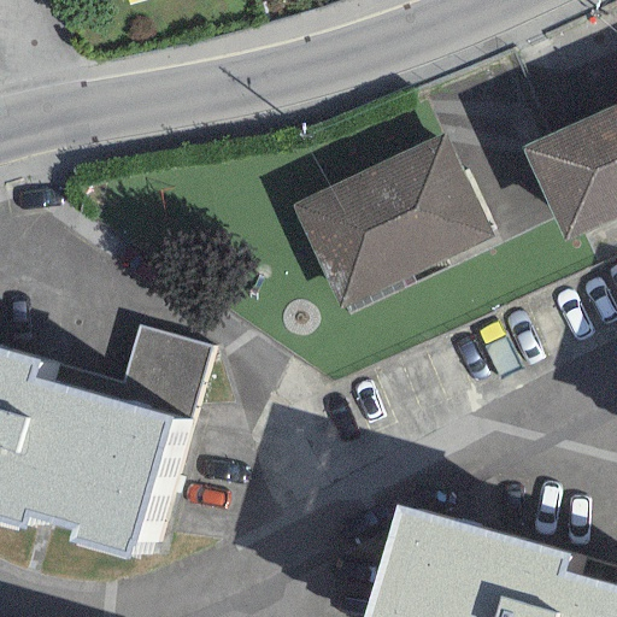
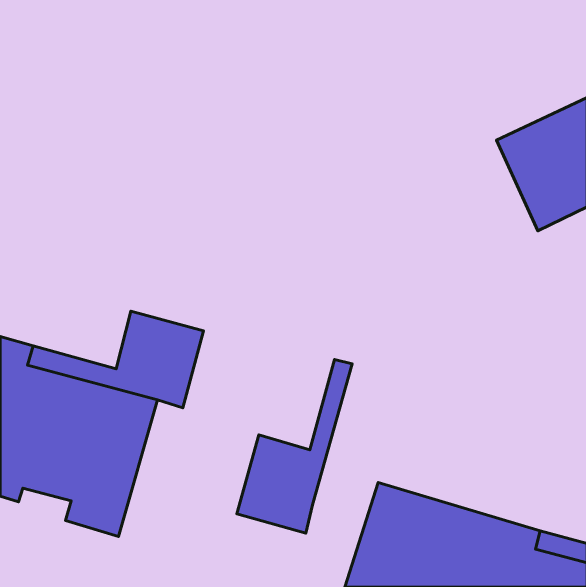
building: [290,134,493,311] -> none
building: none -> [237,359,352,533]

